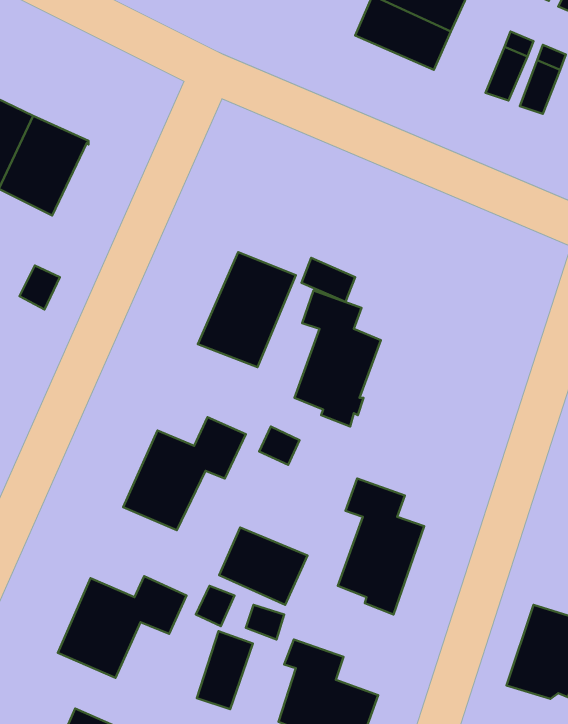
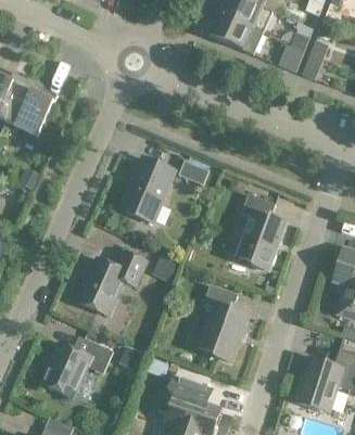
building: [294,290,381,427] -> [236,194,284,271]
building: [219,528,308,605] -> none
building: [197,631,253,709] -> none

